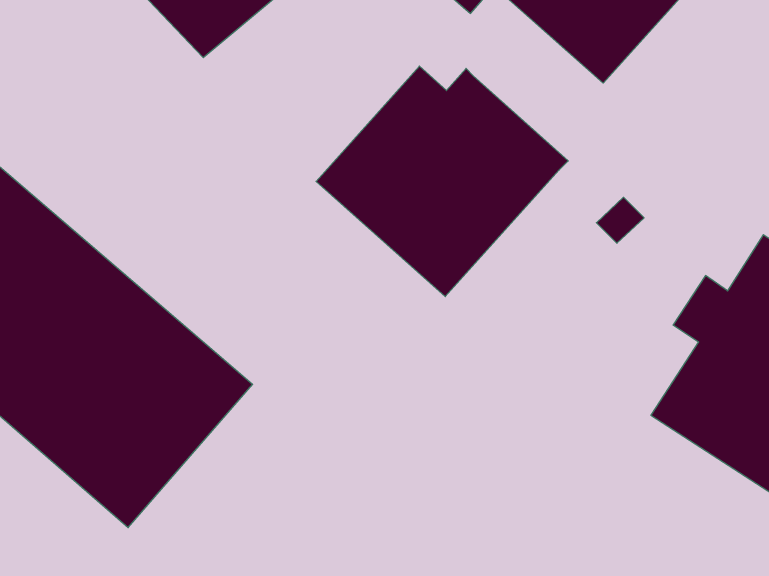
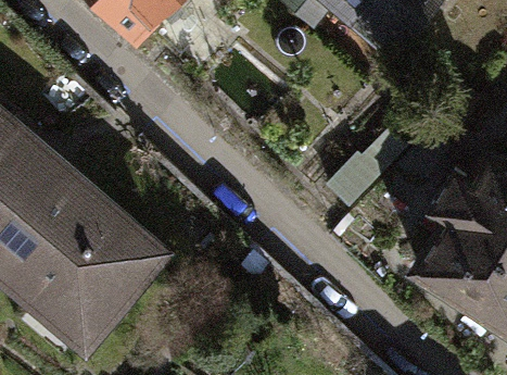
building: [316,66,568,297] -> none

